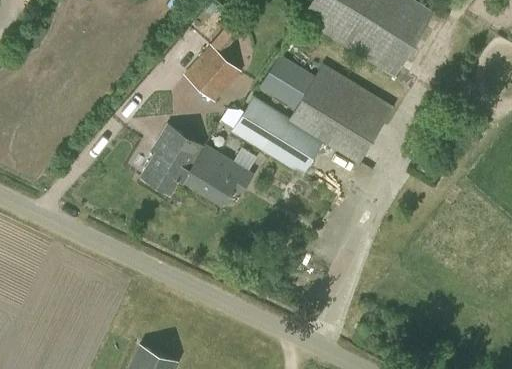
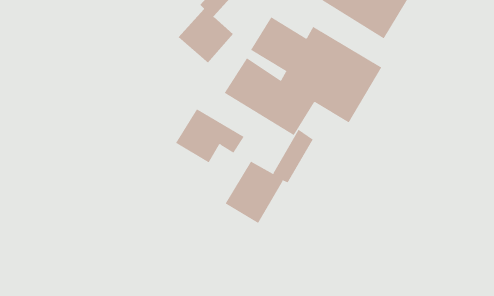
building: [142,126,203,194] -> none
building: none -> [225,129,314,224]

